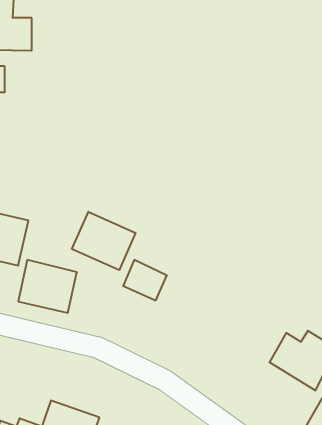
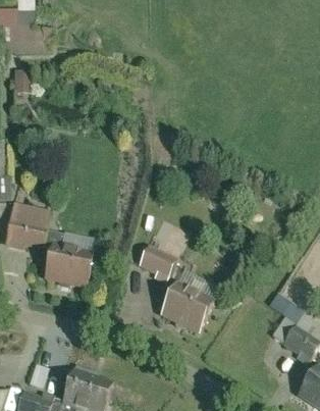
building: [72,212,136,270] -> none
building: none -> [160,280,216,333]

